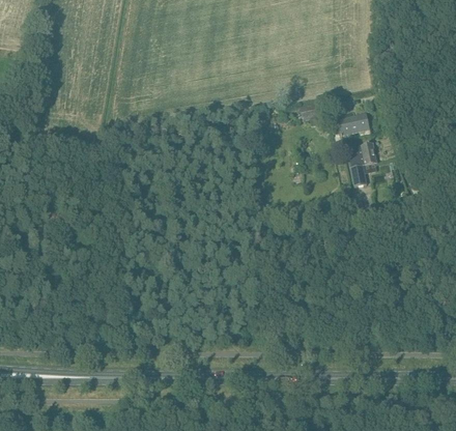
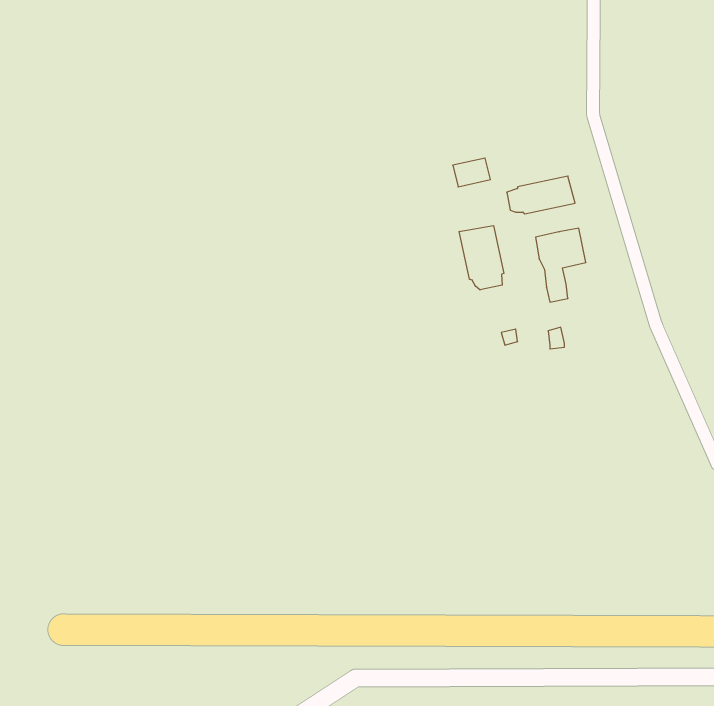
building: none -> [459,226,504,290]

